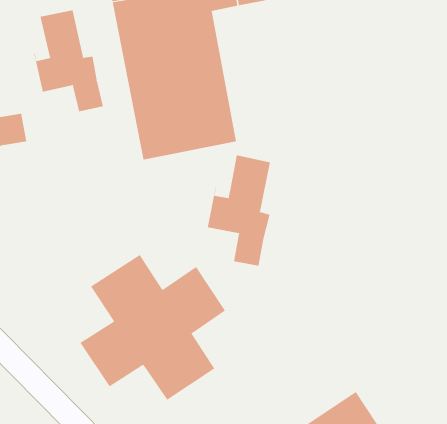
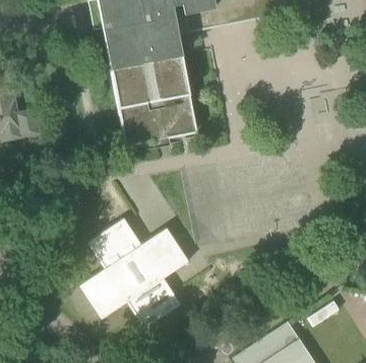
building: [33,10,103,112] -> none
building: [207,154,270,267] -> none

